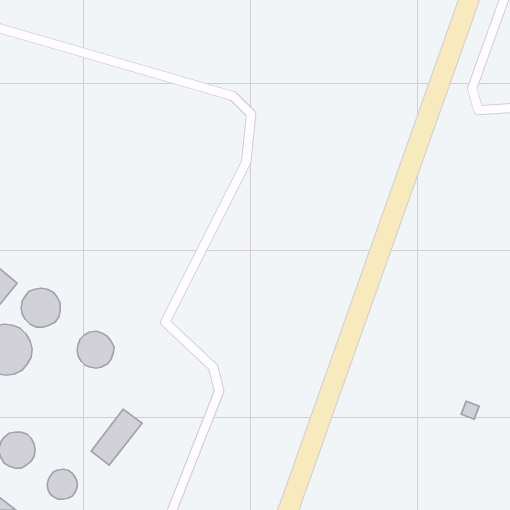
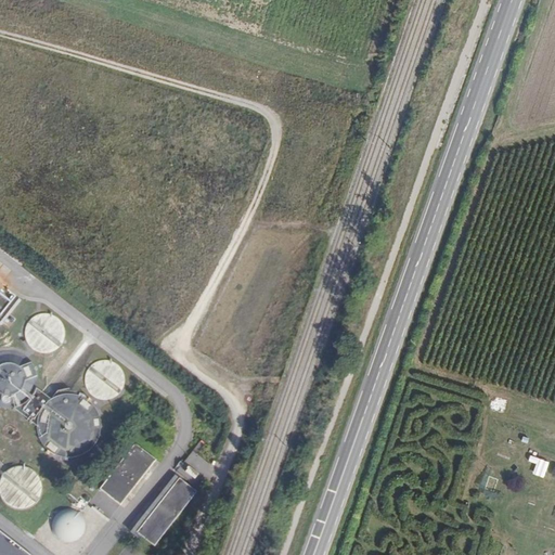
building: none -> [37,393,99,454]
building: none -> [134,478,194,545]

